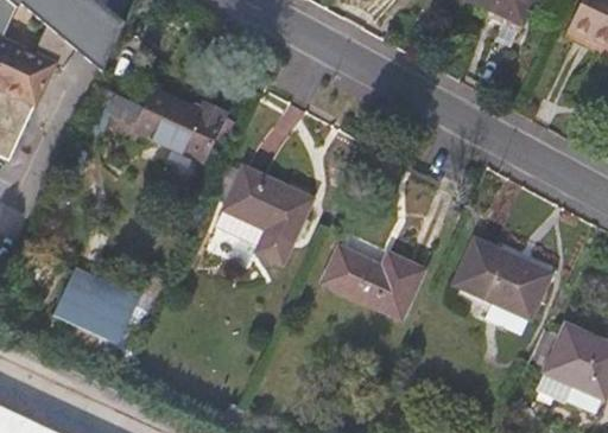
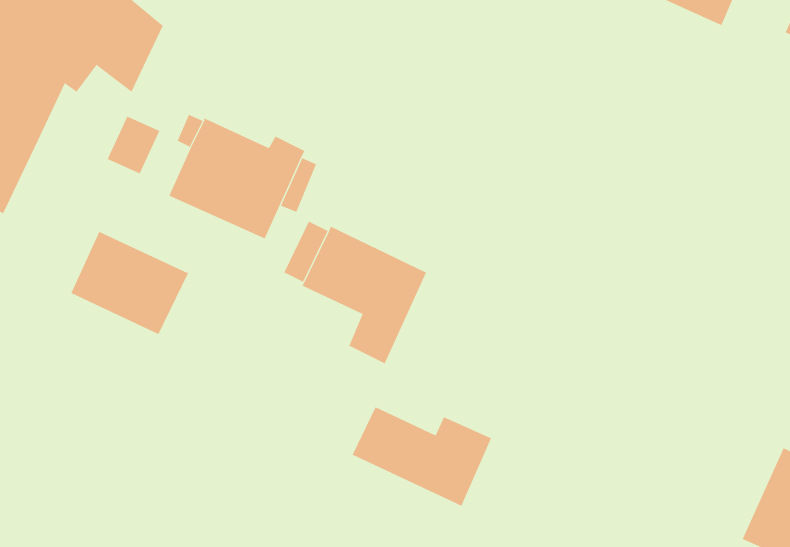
building: [454,237,552,319] -> none
building: [323,247,423,318] -> [352,406,492,506]
building: [56,266,140,339] -> [70,231,189,335]

